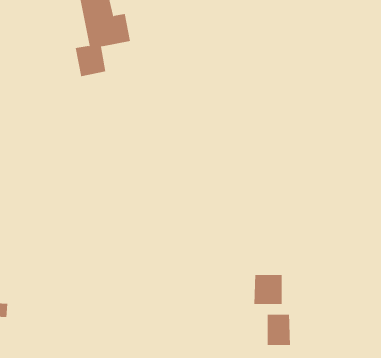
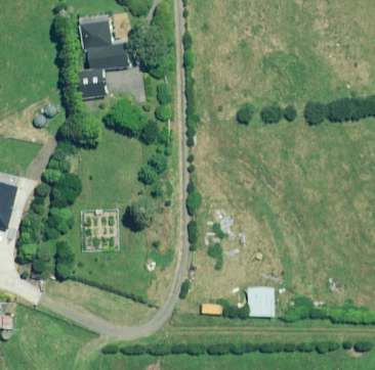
building: [267,314,290,346] -> none

